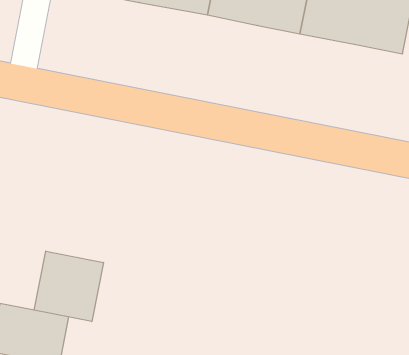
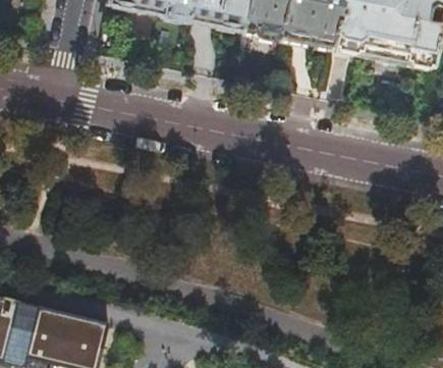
building: [34,251,103,322] -> none

